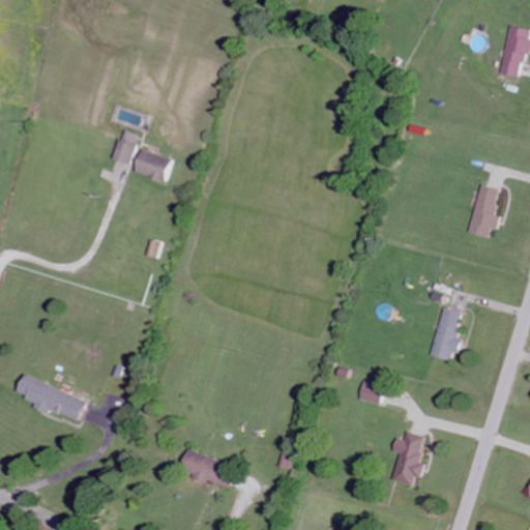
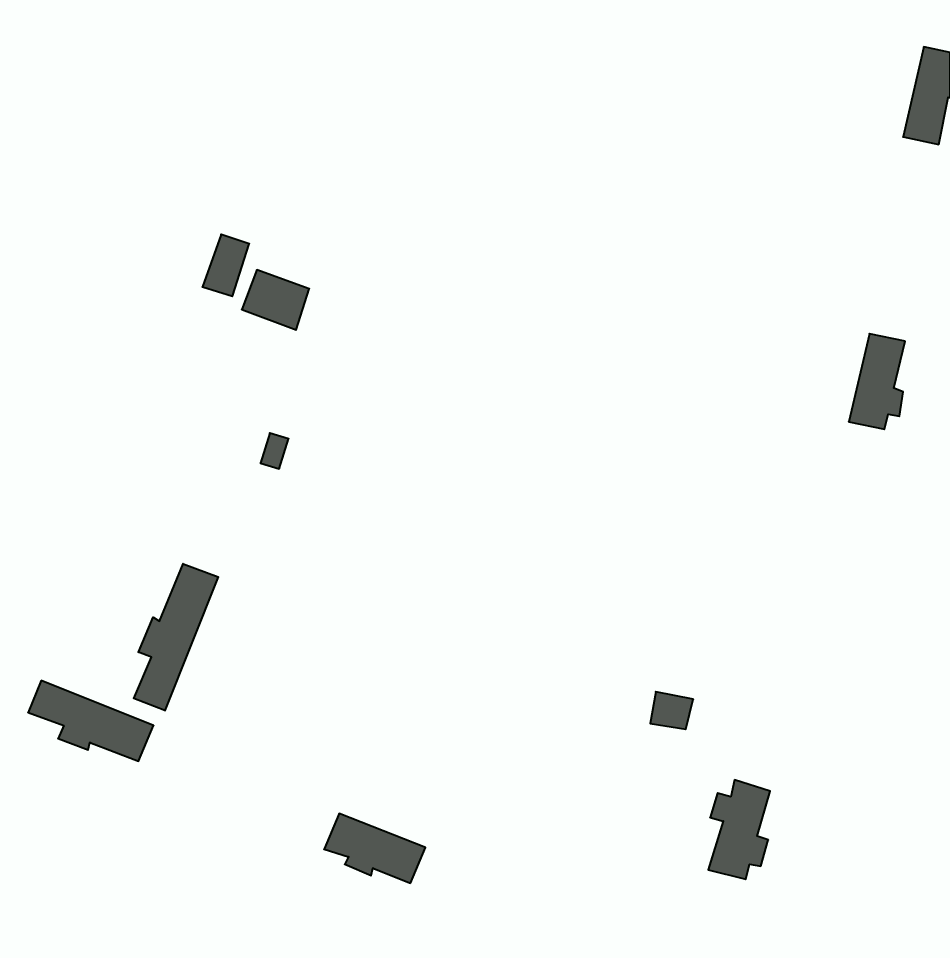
building: [431,307,463,360] -> none
building: none -> [134,564,218,711]

